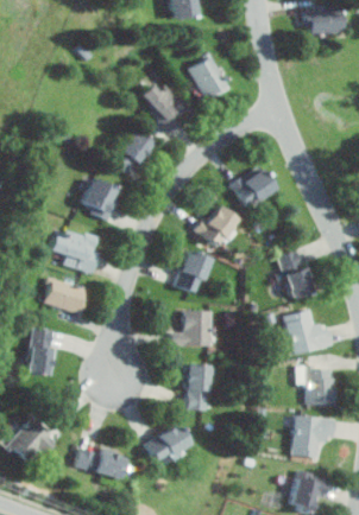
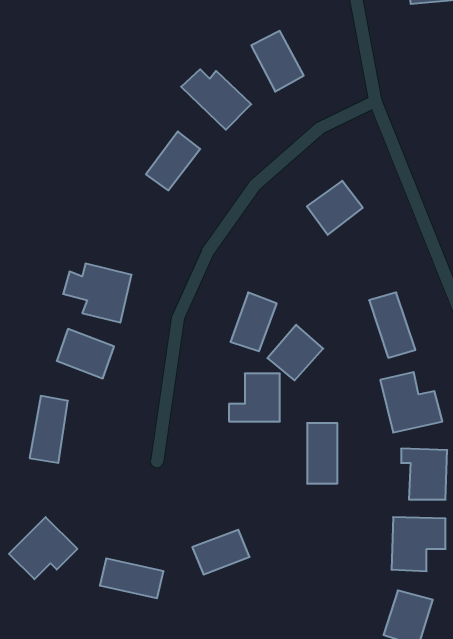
building: [80,179,119,218] -> none
building: [195,204,237,246] -> [267,325,323,380]
building: [184,365,207,411] -> [307,423,337,484]

